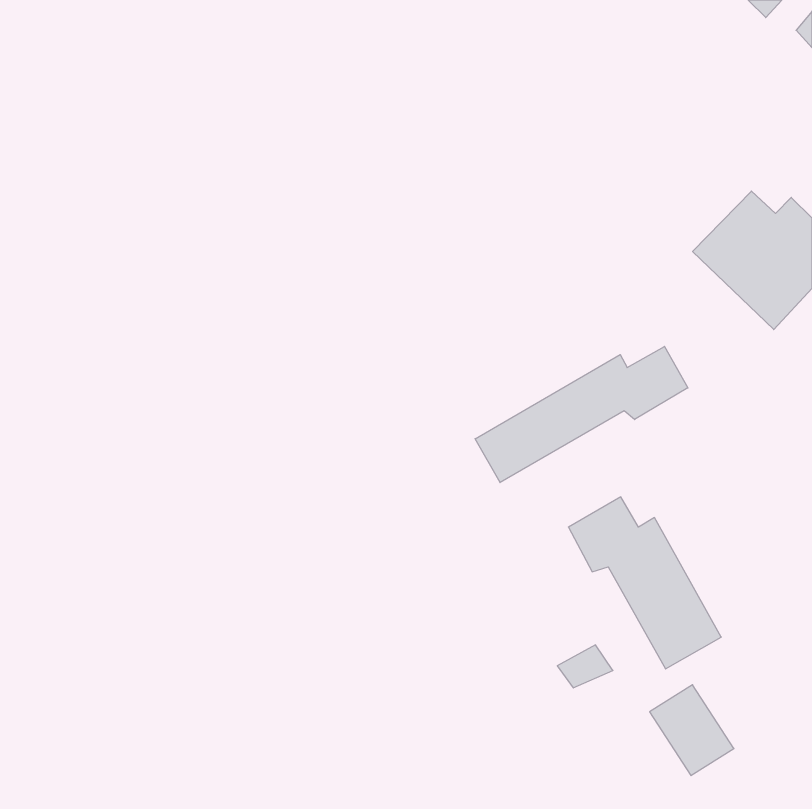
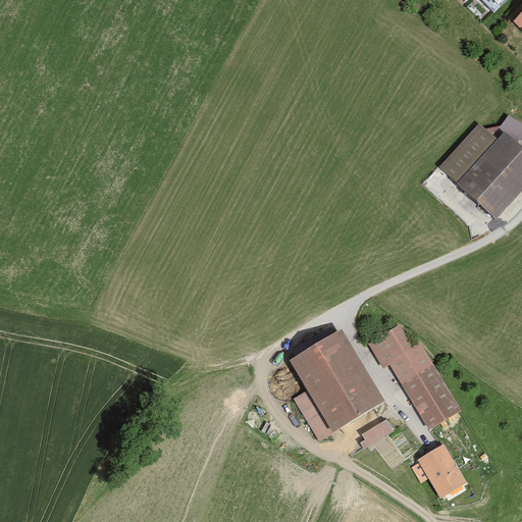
building: [475,346,688,483] -> none
building: none -> [291,331,383,438]

